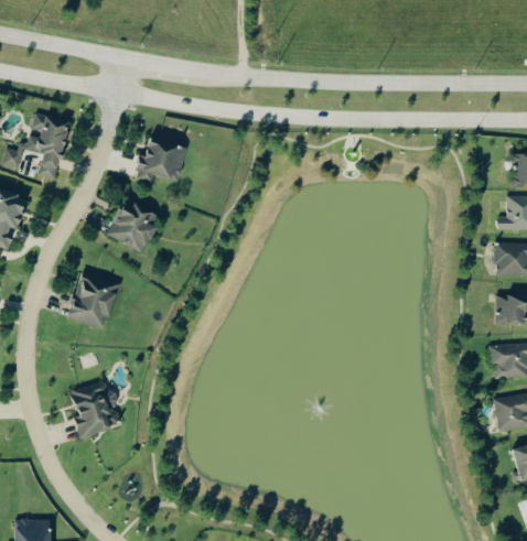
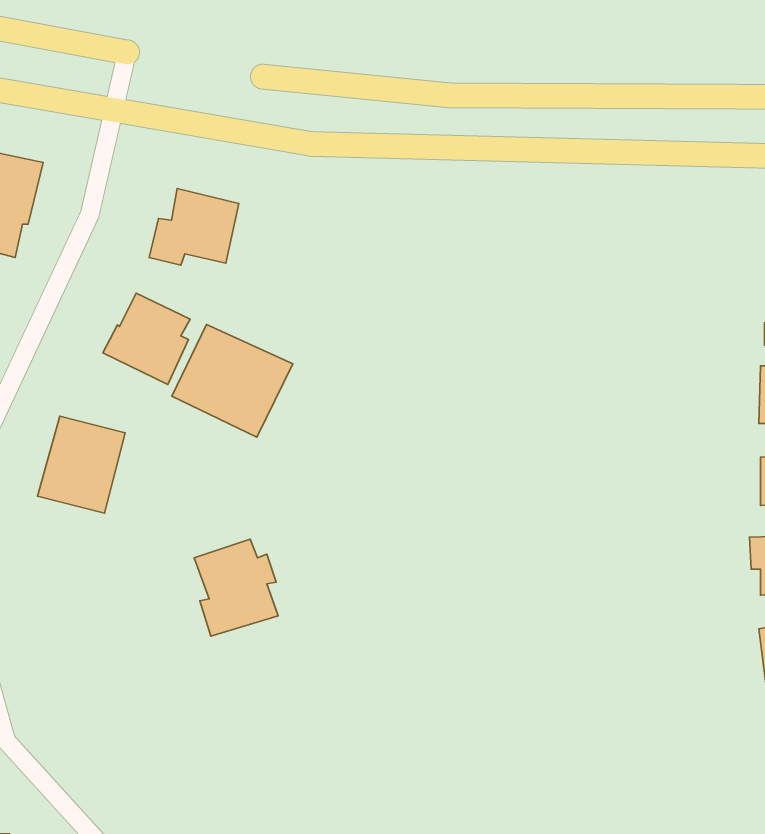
building: none -> [172,324,293,437]
building: [71,380,120,437] -> [194,539,278,636]

